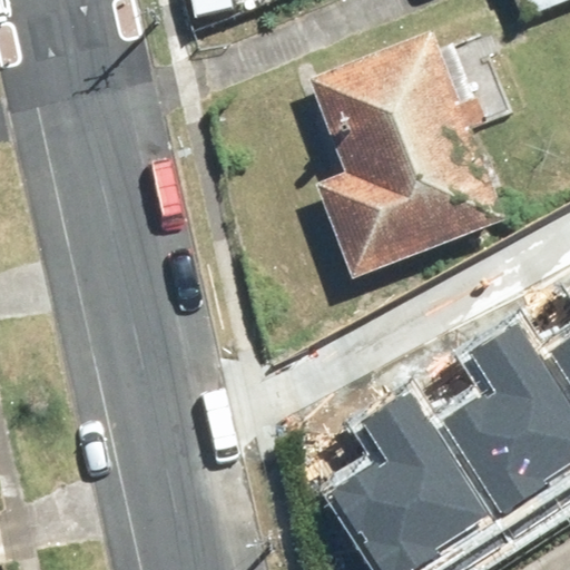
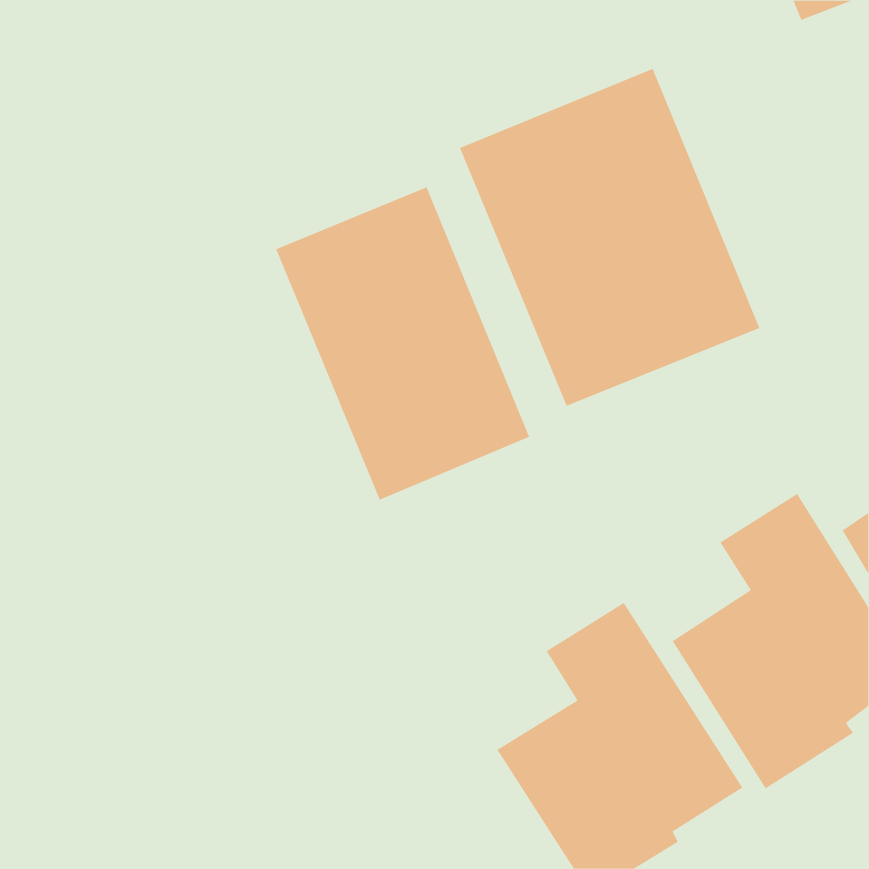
building: none -> [276,187,530,501]

